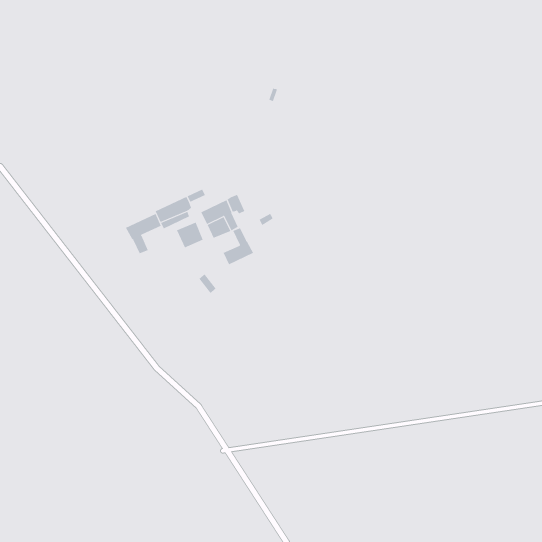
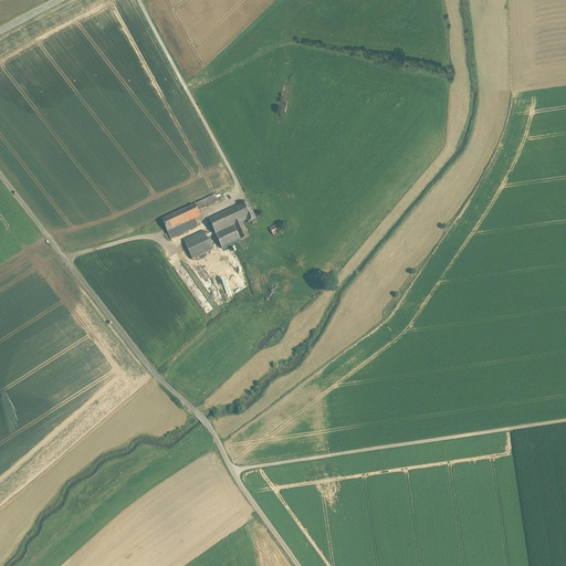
building: [125,213,162,254] -> none
building: [223,227,254,265] -> none

